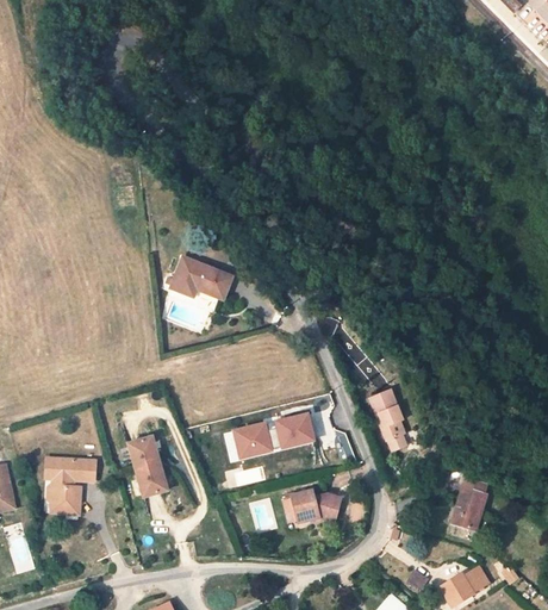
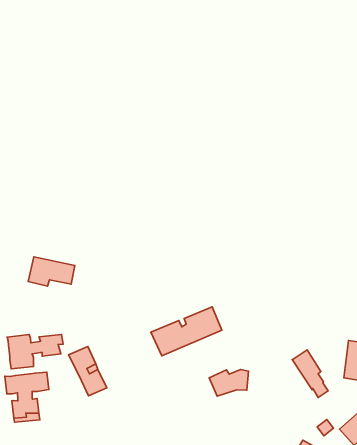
building: [172,259,231,299] -> [28,257,75,286]
building: [370,391,407,450] -> [292,350,328,398]
building: none -> [7,334,63,369]

